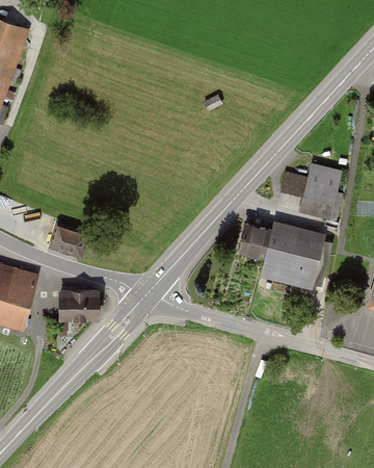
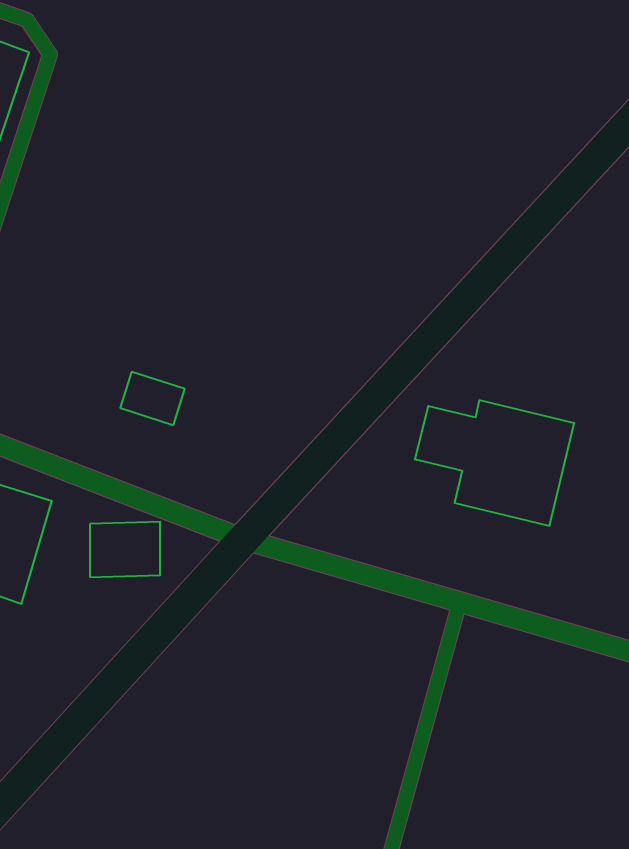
building: [282,164,343,222] -> none
building: [50,227,85,256] -> [120,372,185,425]

